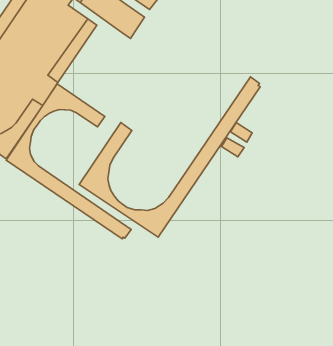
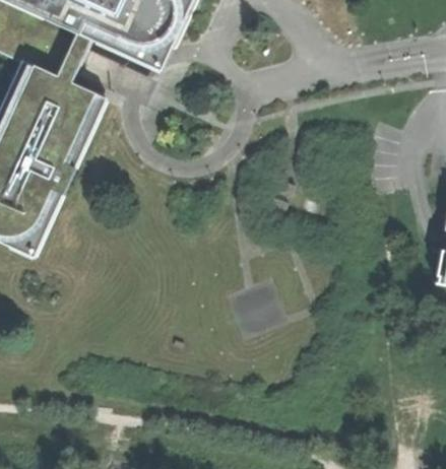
building: [79,77,260,237] -> none
building: [6,84,131,239] -> none

